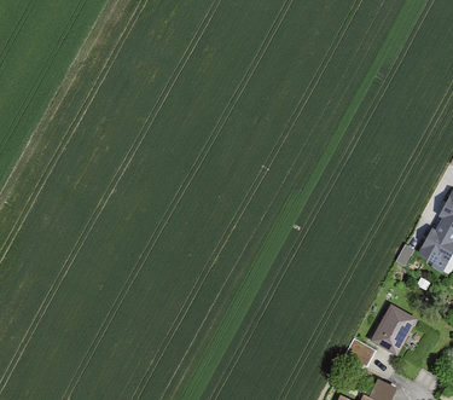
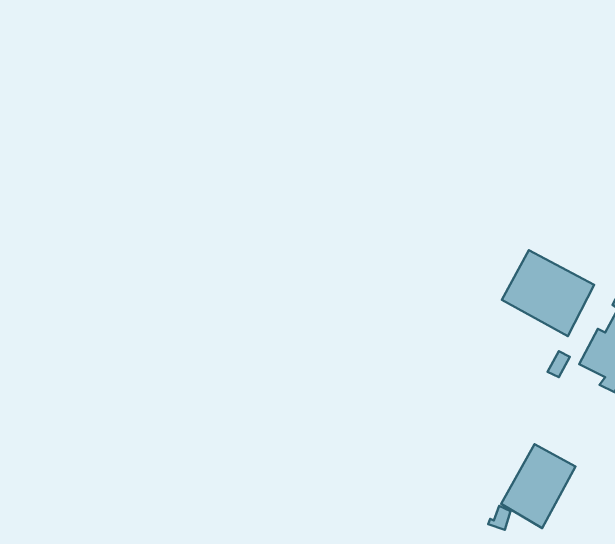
building: none -> [502,250,594,336]

